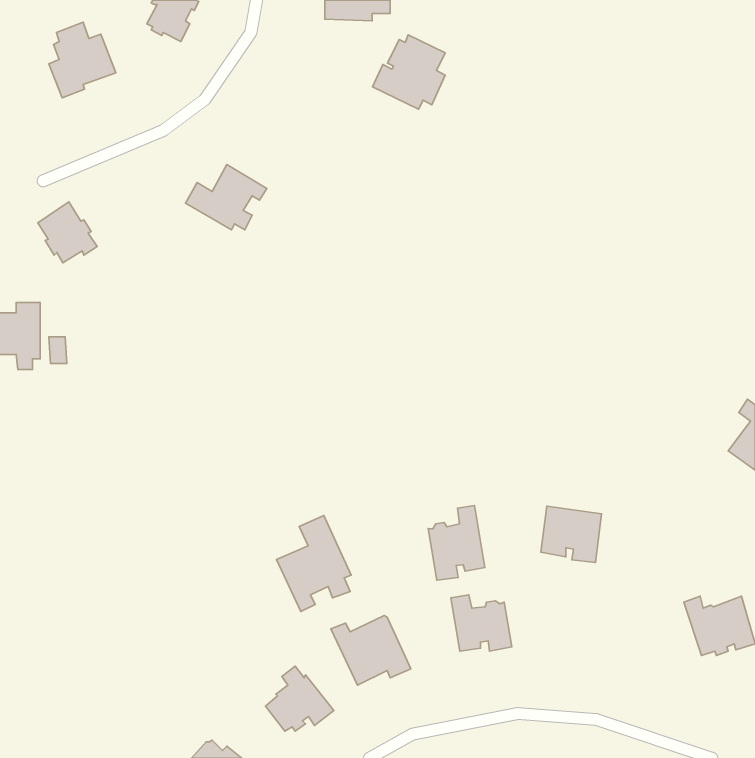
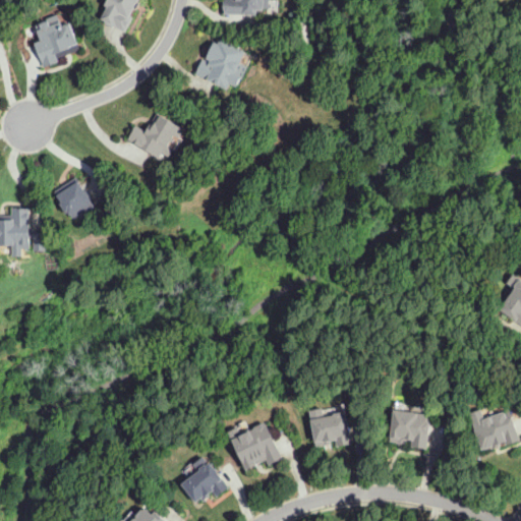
building: [373,35,445,109] -> [195,39,245,90]
building: [38,202,97,263] -> [54,177,95,219]
building: [428,505,485,580] -> none
building: [541,506,602,563] -> [389,410,430,449]
building: [277,516,351,612] -> none

